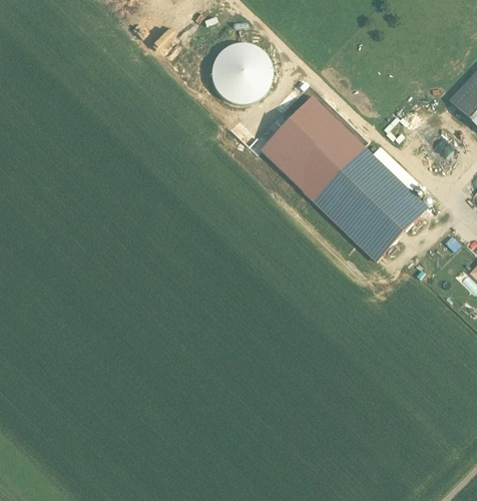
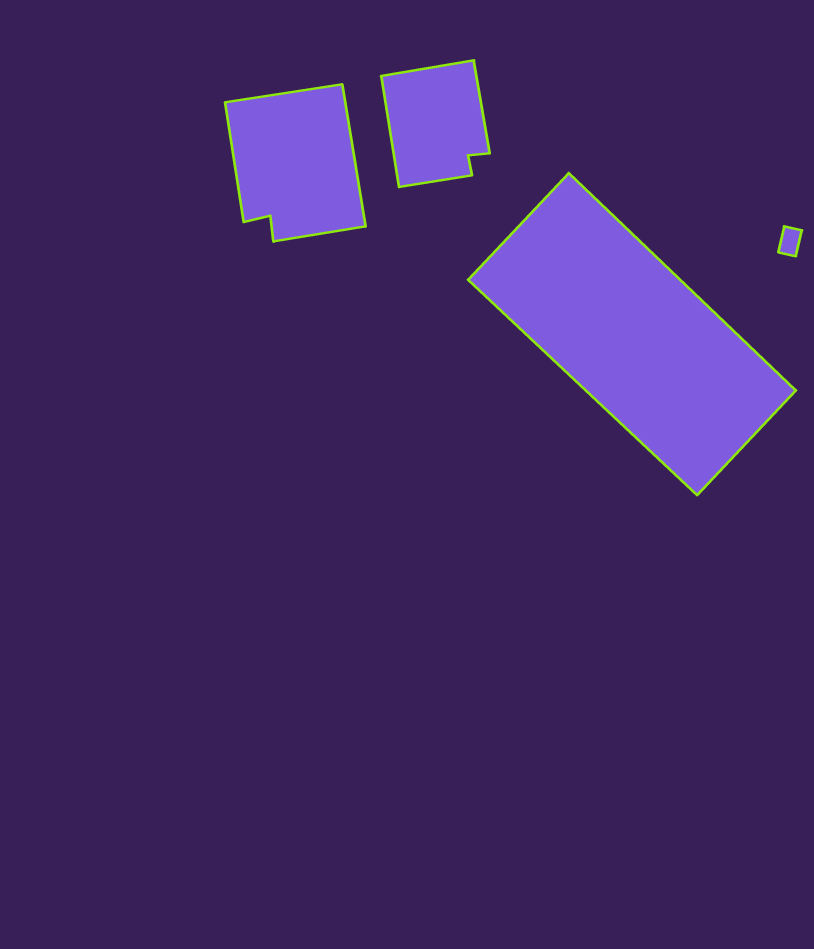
building: none -> [225,84,365,242]

